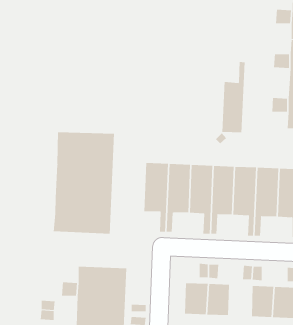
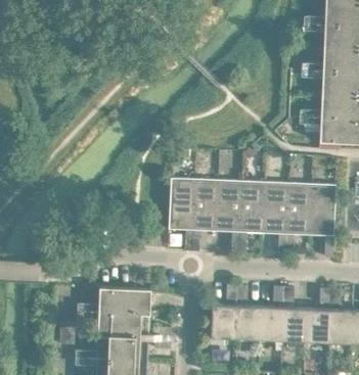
building: [222,61,245,133] -> none
building: [53,131,115,234] -> none
building: none -> [259,307,283,340]

